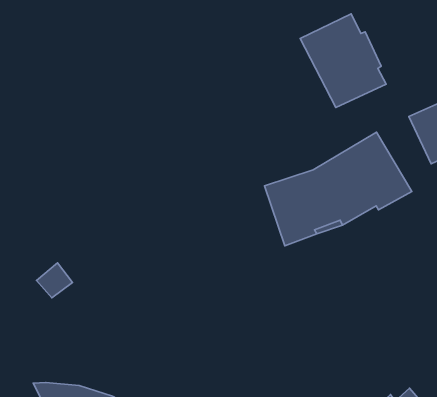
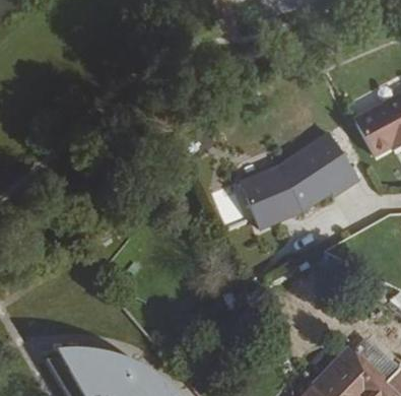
building: [300,14,386,108] -> none

